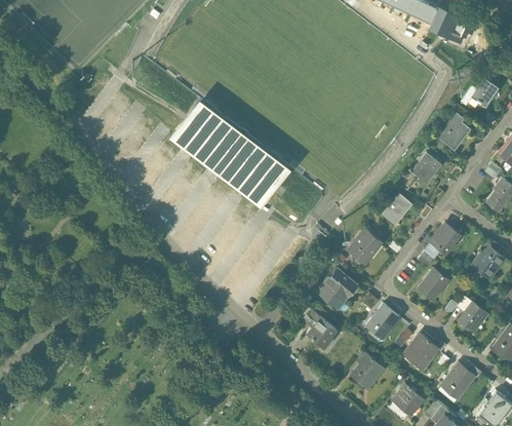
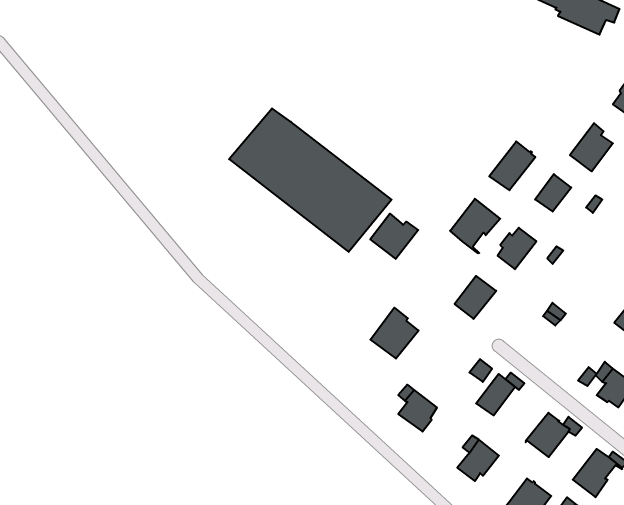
building: none -> [489,141,535,190]
building: none -> [450,199,500,253]
building: none -> [370,214,418,259]
building: [429,226,459,255] -> none
building: [317,269,354,308] -> [370,308,419,359]
building: [418,269,447,299] -> none

